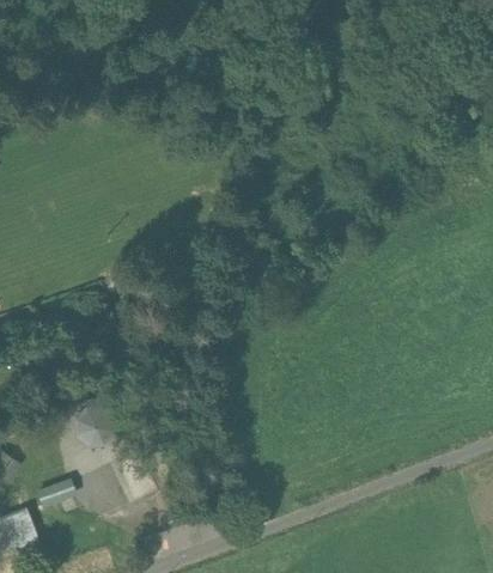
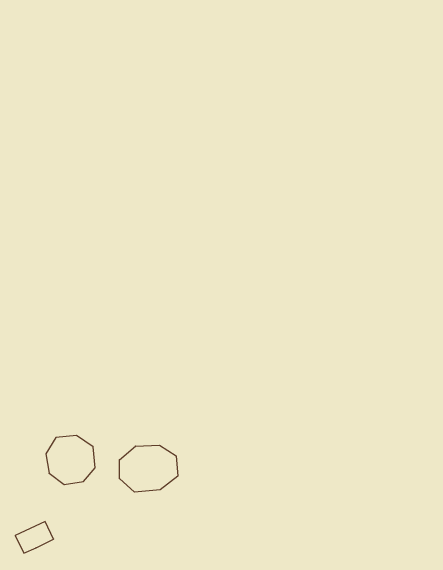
building: none -> [119,445,178,492]

